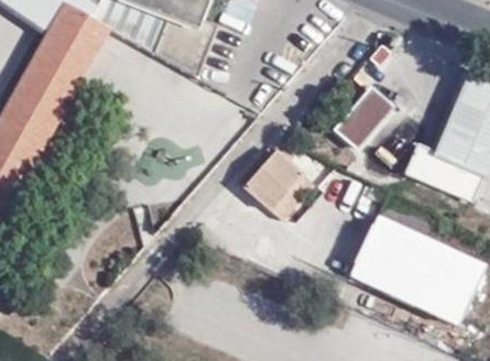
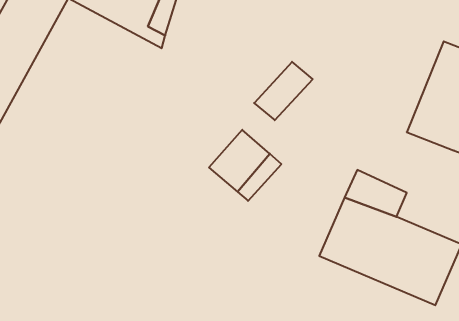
building: [335,89,391,145] -> [254,62,313,120]
building: [406,147,477,196] -> none

